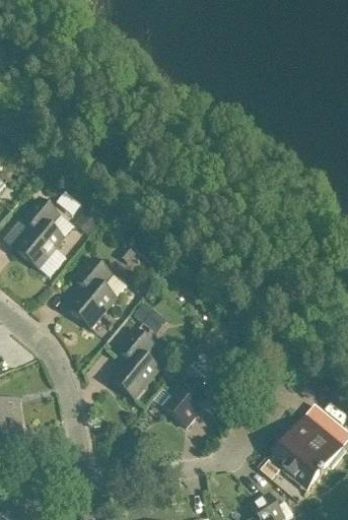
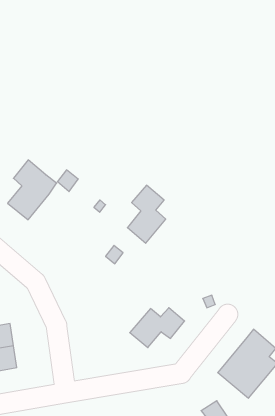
building: [67,257,114,328] -> [127,185,166,243]
building: [111,329,157,398] -> none

